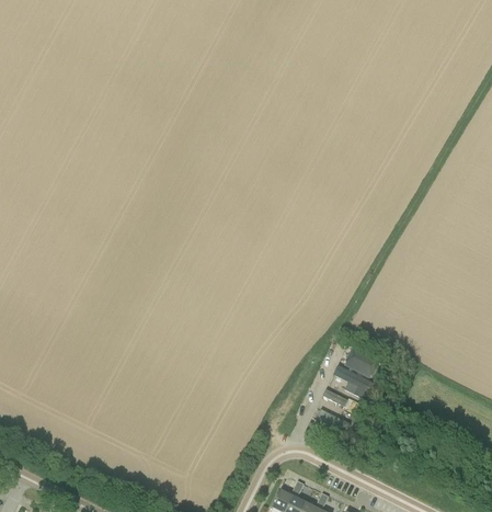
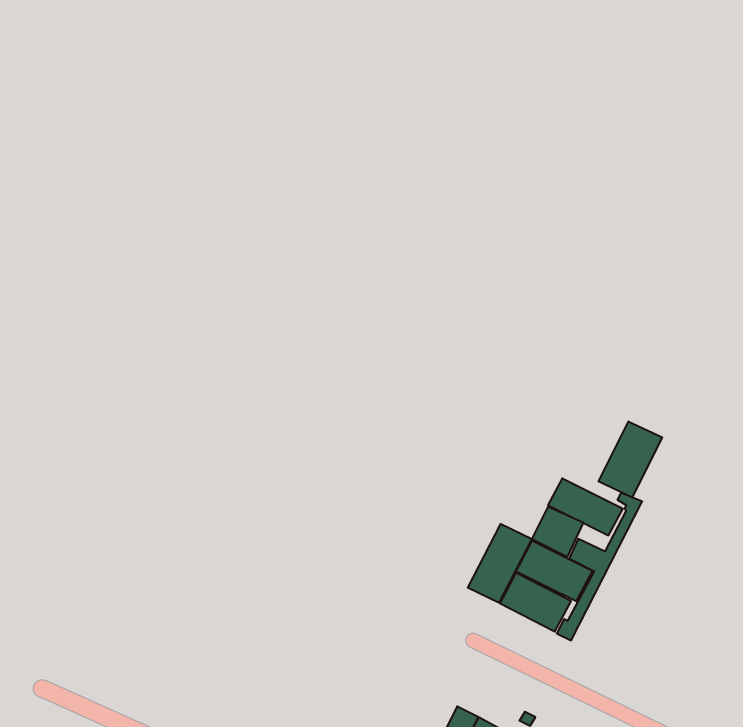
building: none -> [599,421,662,497]
building: none -> [468,524,532,603]

